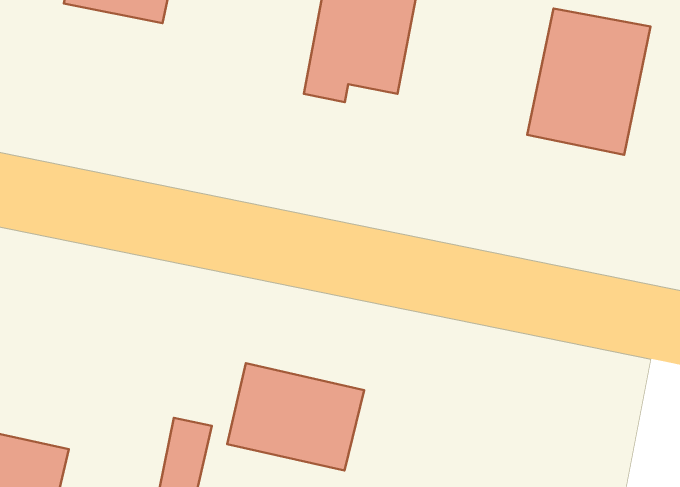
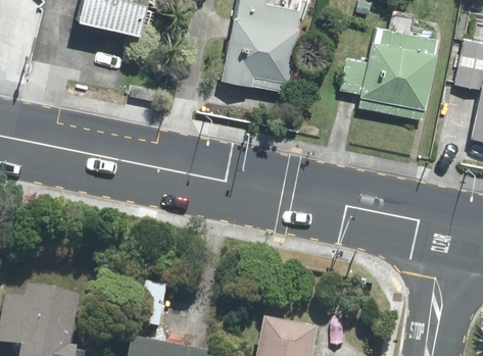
building: [227,363,364,470] -> none

